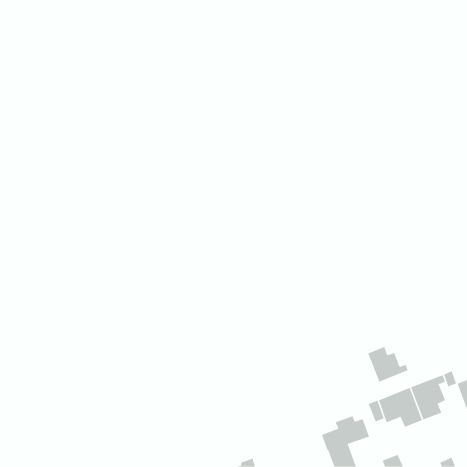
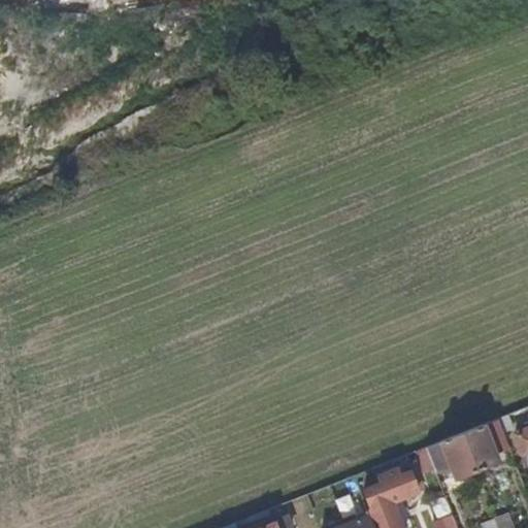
building: [367,346,408,382] -> none

